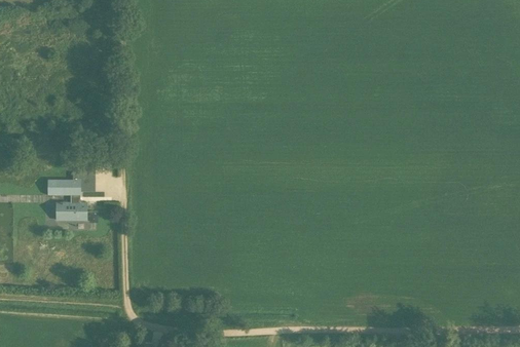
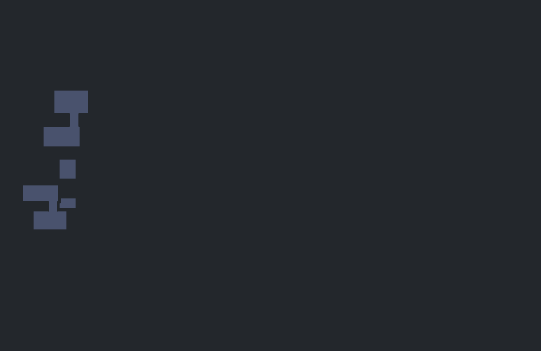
building: none -> [43,90,89,147]

